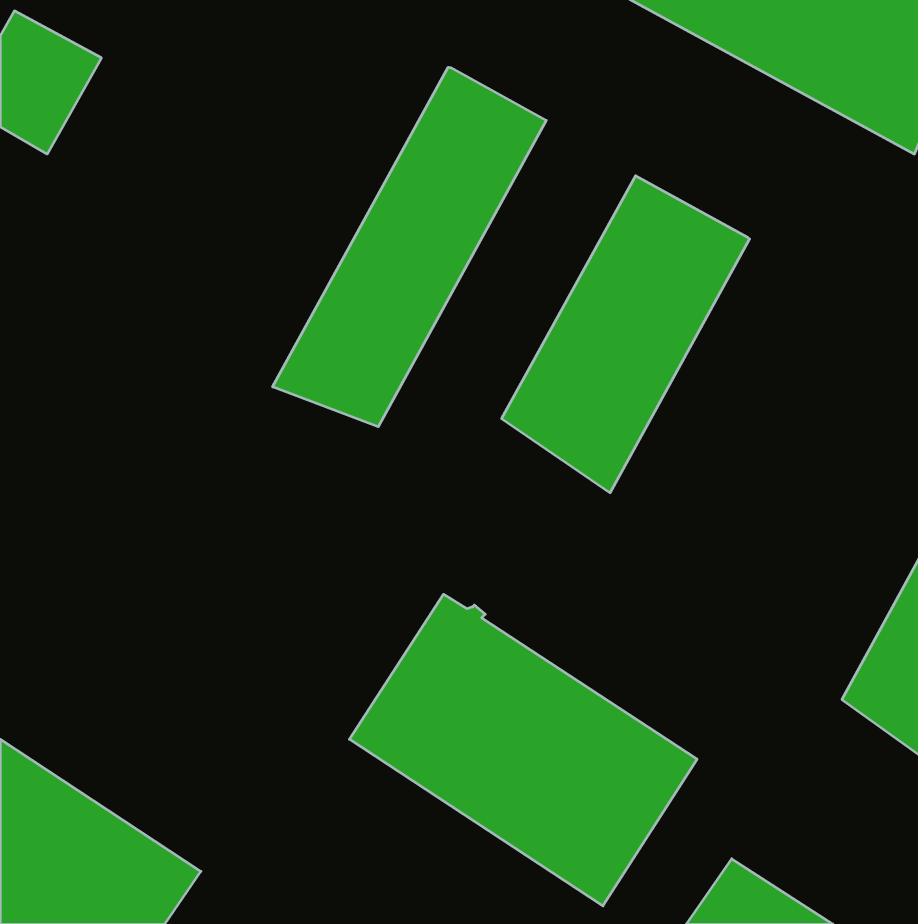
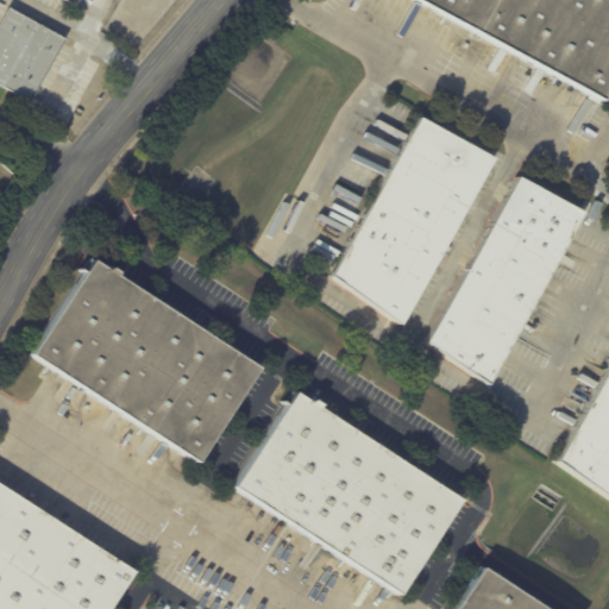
building: [273,67,546,427] -> none
building: none -> [431,175,588,384]
building: none -> [33,257,262,463]

